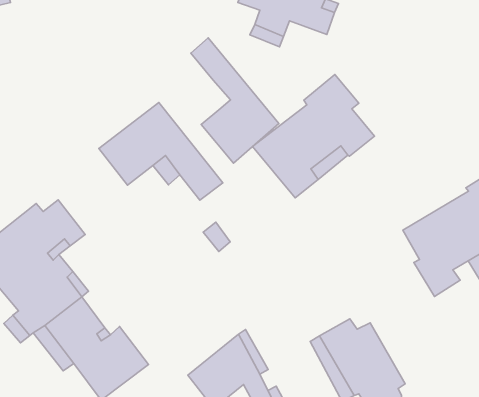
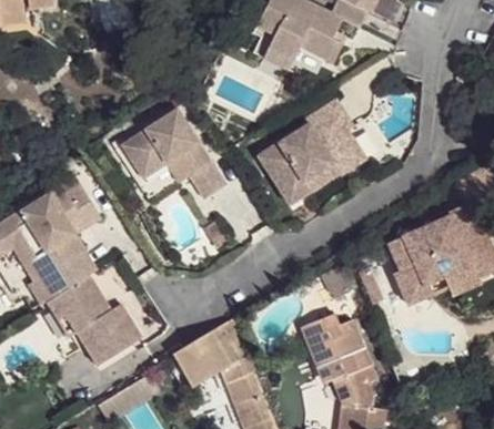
building: [191,38,279,163] -> none

